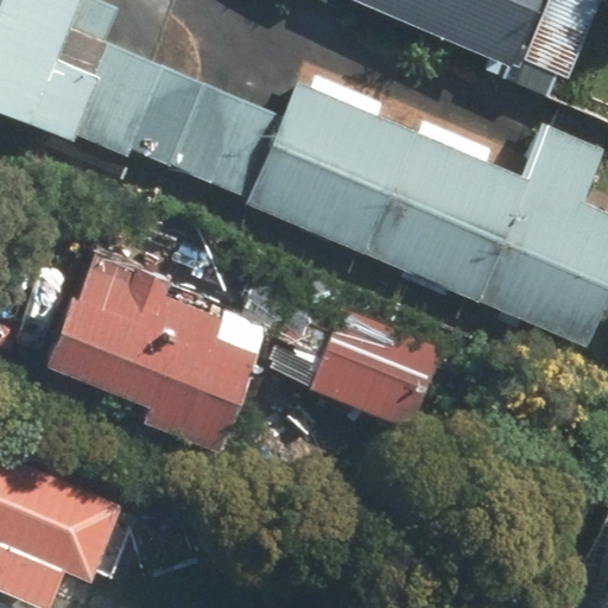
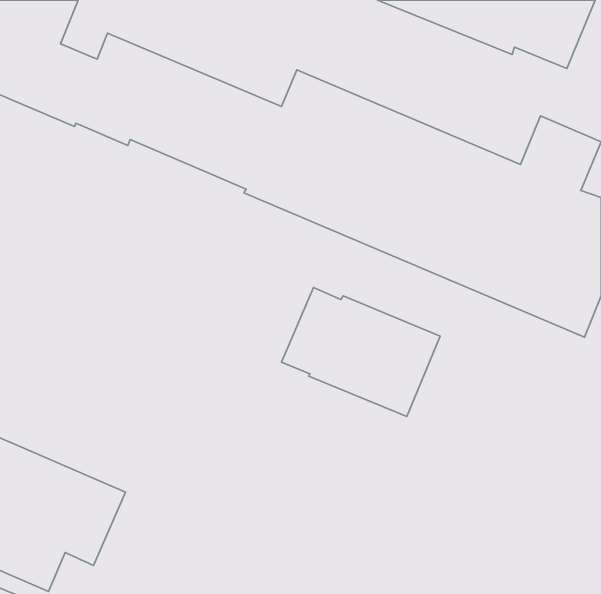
building: [46,246,270,450] -> none

